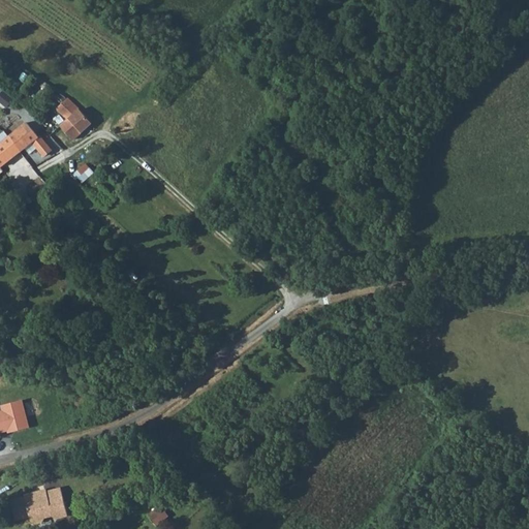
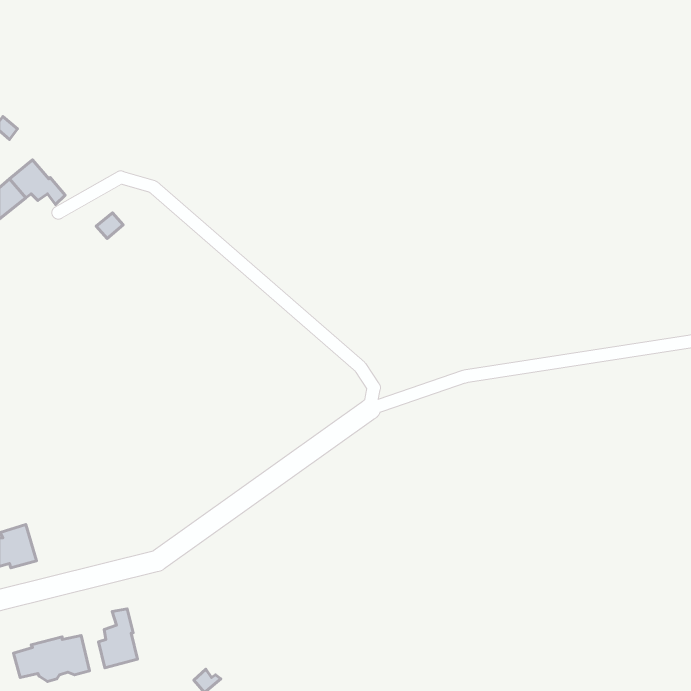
building: [55,99,90,139] -> none
building: none -> [98,609,138,668]

